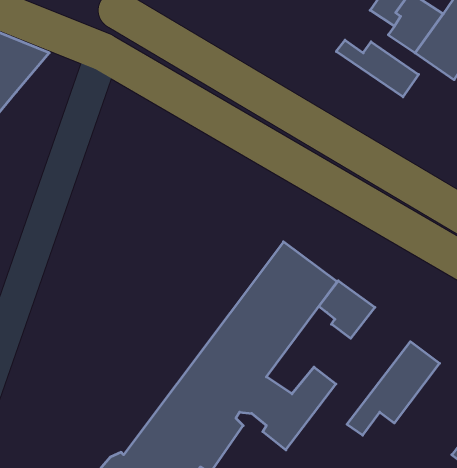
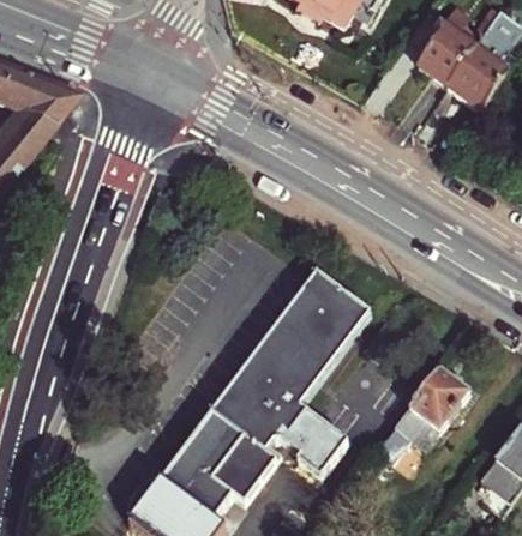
building: [336,40,419,97] -> none
building: [319,281,375,338] -> none

